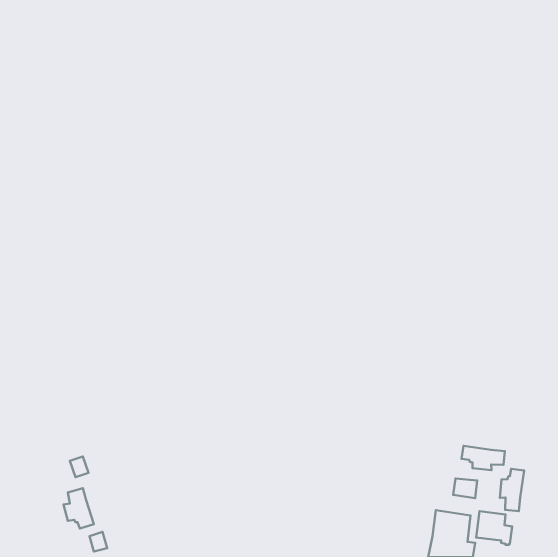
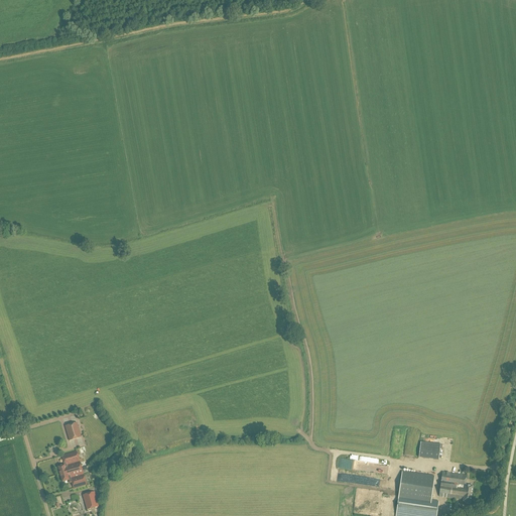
building: [462,446,505,470] -> none
building: [500,469,524,511] -> none

